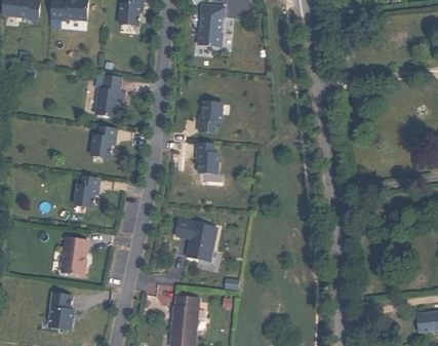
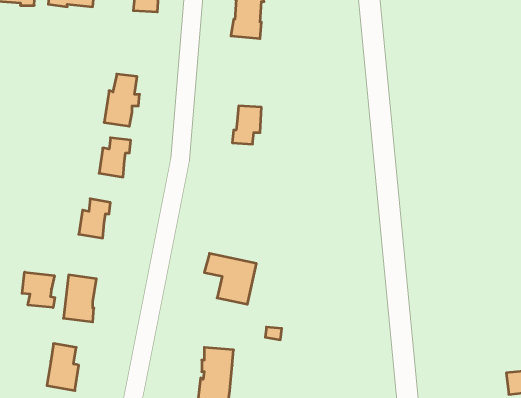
building: [197,139,218,172] -> none
building: none -> [22,272,55,308]

